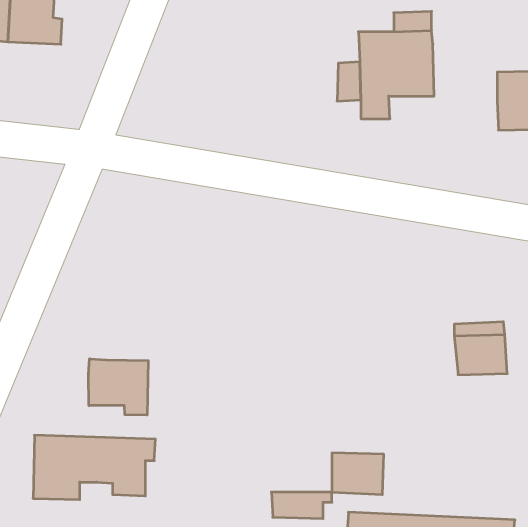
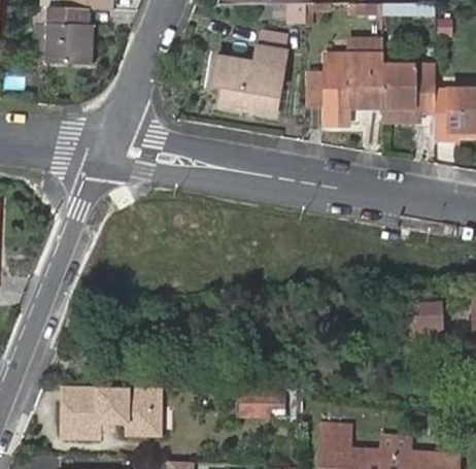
building: none -> [215,47,290,118]
building: none -> [388,64,441,122]
building: [89,359,148,415] -> none
building: [271,492,332,519] -> [238,393,287,414]

